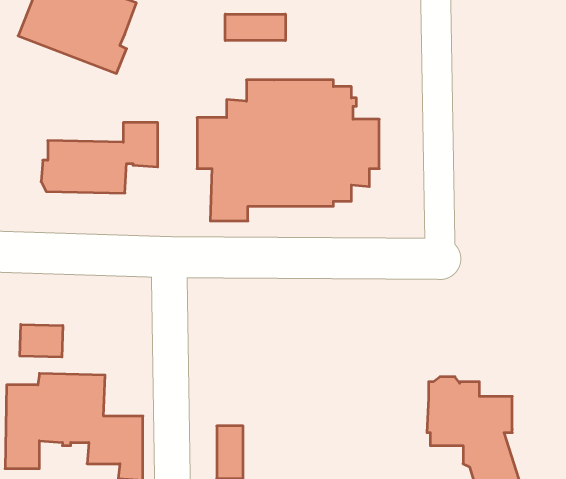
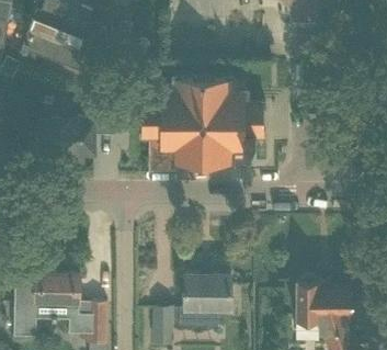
building: [225,14,285,41] -> none
building: [20,324,63,357] -> none
building: none -> [179,276,229,326]

